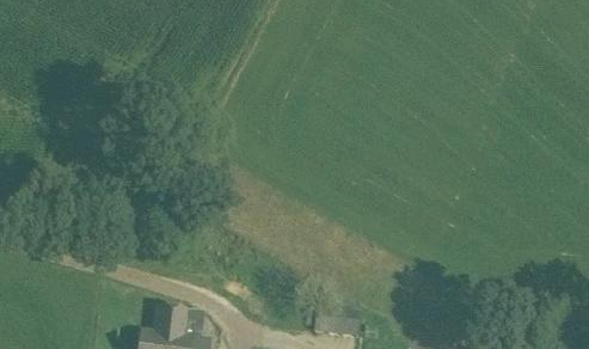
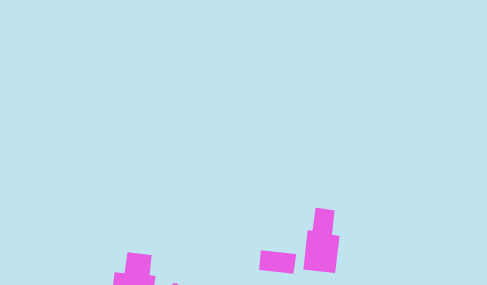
building: none -> [302,207,341,274]

